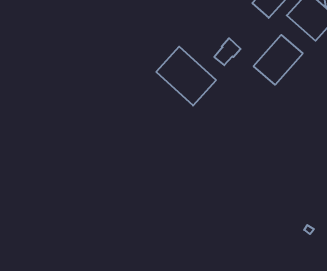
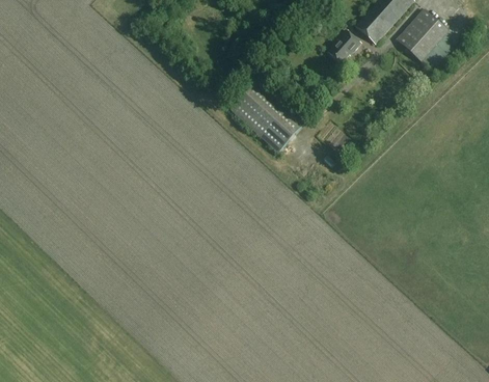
building: [254,35,303,85] -> none
building: [214,38,241,65] -> [326,28,359,62]

